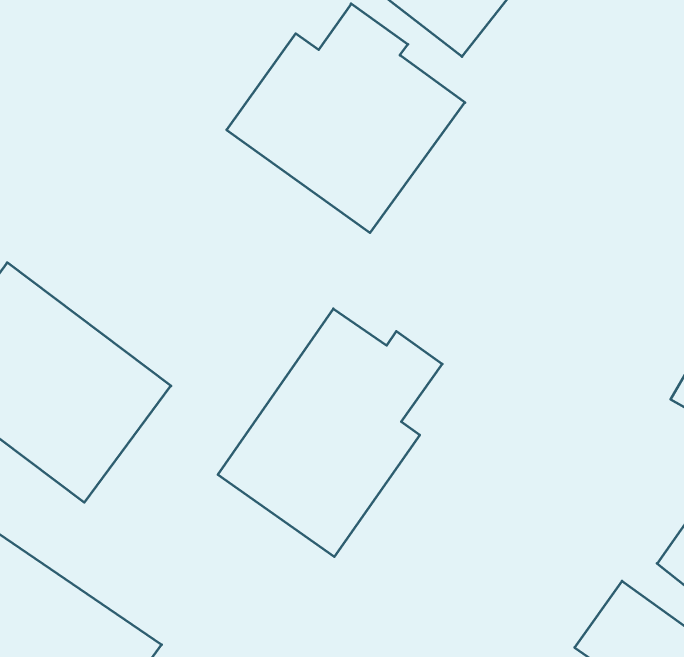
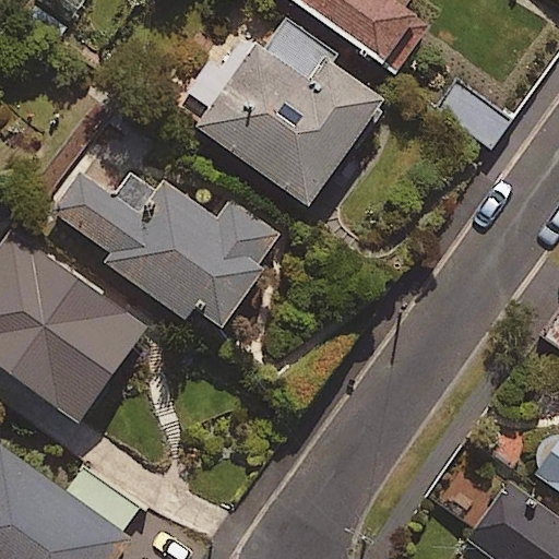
building: none -> [55,150,283,325]
building: [218,309,442,557] -> none

